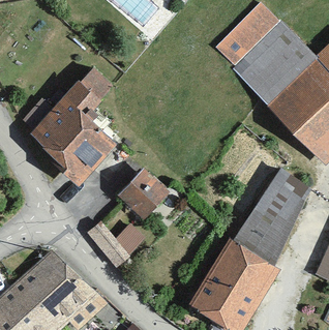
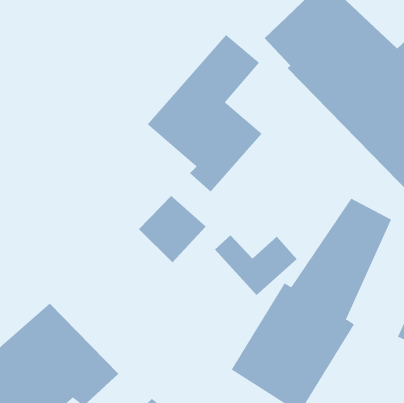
building: [31,65,119,185] -> [147,34,263,192]
building: [85,220,148,267] -> [214,235,297,296]

